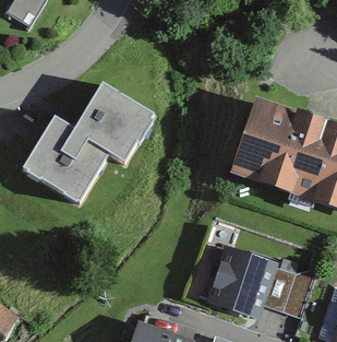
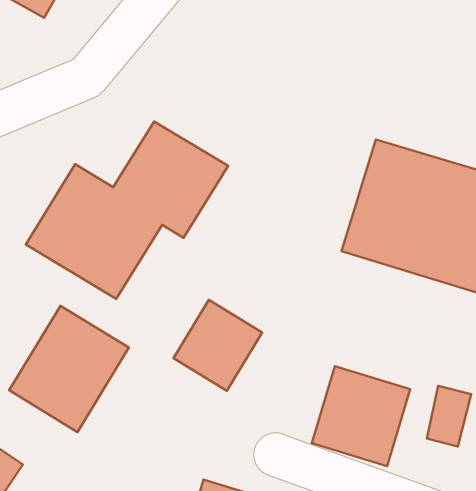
building: none -> [174,300,262,391]
building: none -> [9,306,129,432]

